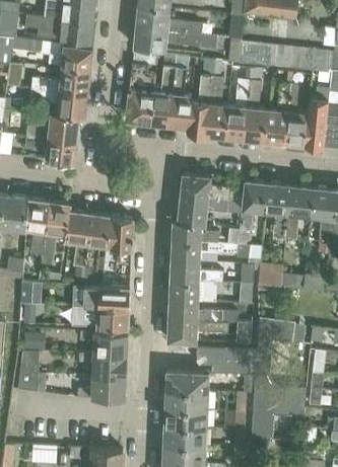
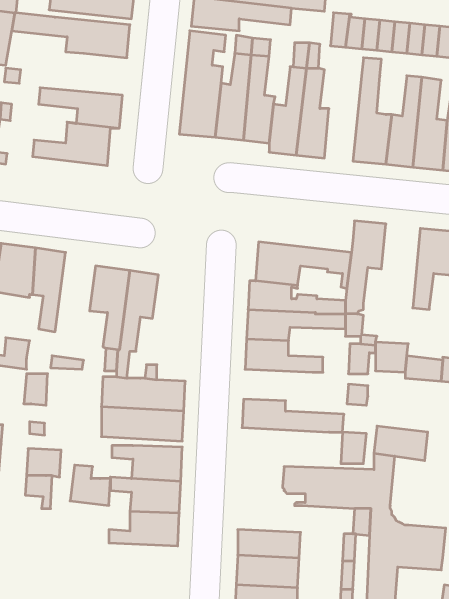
building: [31,67,90,95] -> none
building: [224,79,250,140] -> none
building: [25,137,77,164] -> none
building: [180,174,244,202] -> none
building: [263,182,289,239] -> none
building: [42,202,70,256] -> none
building: [104,217,133,275] -> none
building: [170,281,216,303] -> none
building: [167,320,227,342] -> none
building: [18,366,46,393] -> [70,465,110,505]
building: [165,371,209,391] -> none

